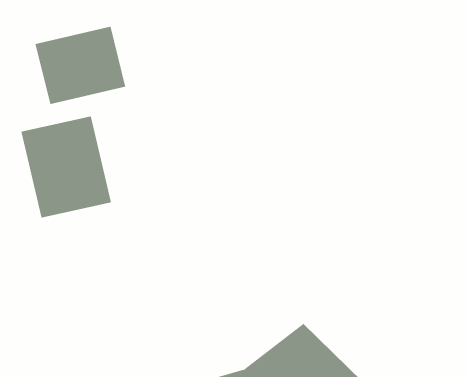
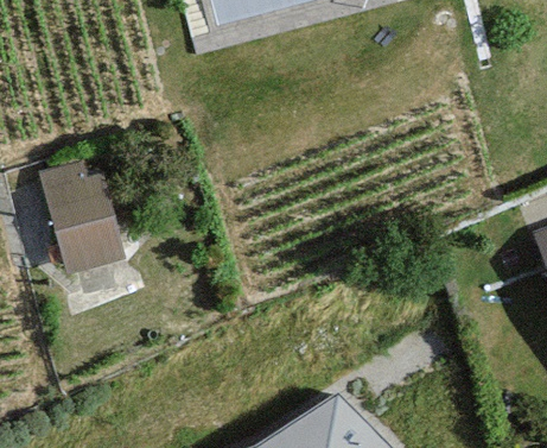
building: [35,26,126,105] -> none

